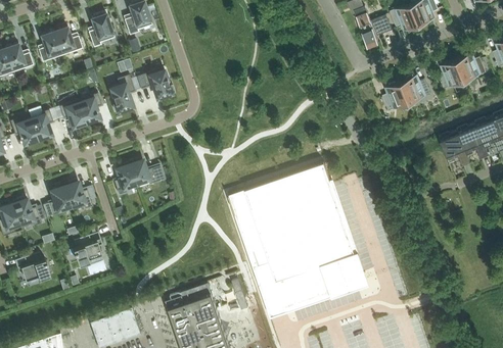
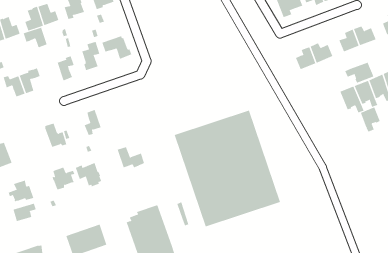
building: [54,100,86,130] -> [23,27,48,50]
building: none -> [345,62,374,86]
building: [128,157,164,185] -> [117,146,145,168]
building: none -> [360,107,382,132]
building: [43,186,72,217] -> none
building: [11,196,41,228] -> none
building: none -> [75,162,102,187]
building: none -> [13,203,36,222]

